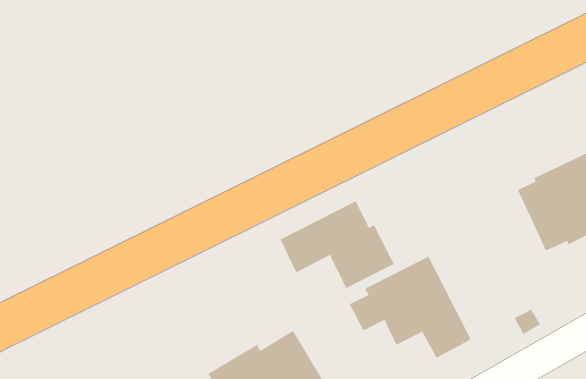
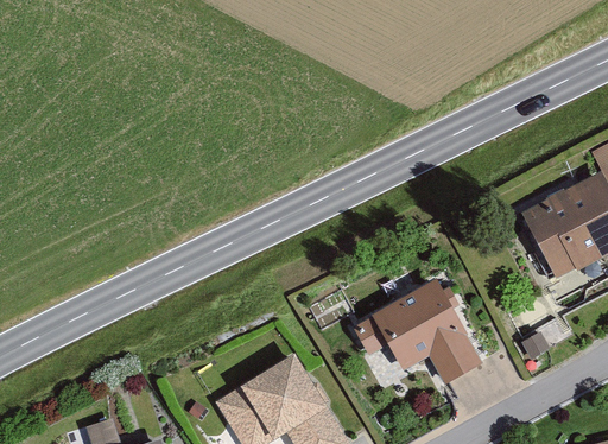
building: [280,200,394,289] -> none

